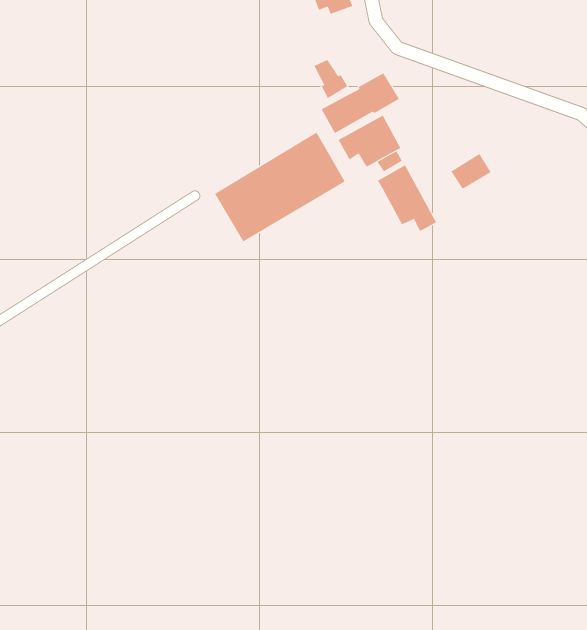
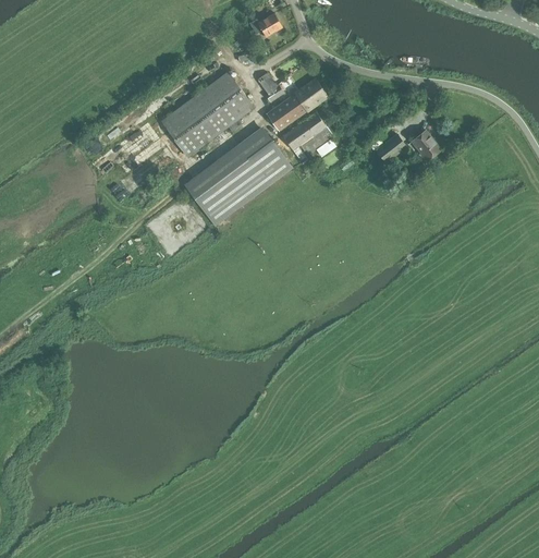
building: none -> [159,70,254,157]
building: none -> [409,129,440,160]
building: [377,165,437,232] -> none

